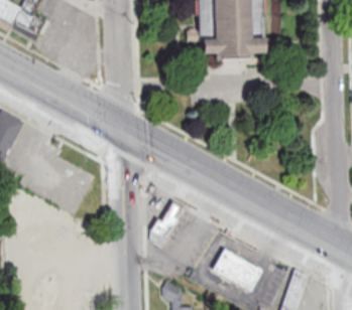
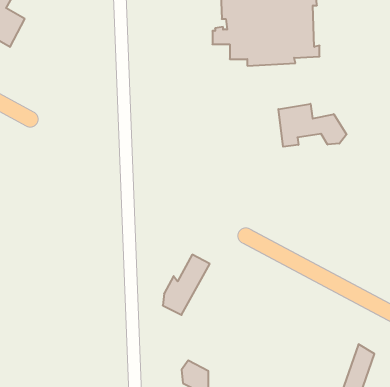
building: none -> [278,104,347,147]
building: [214,248,262,289] -> none

